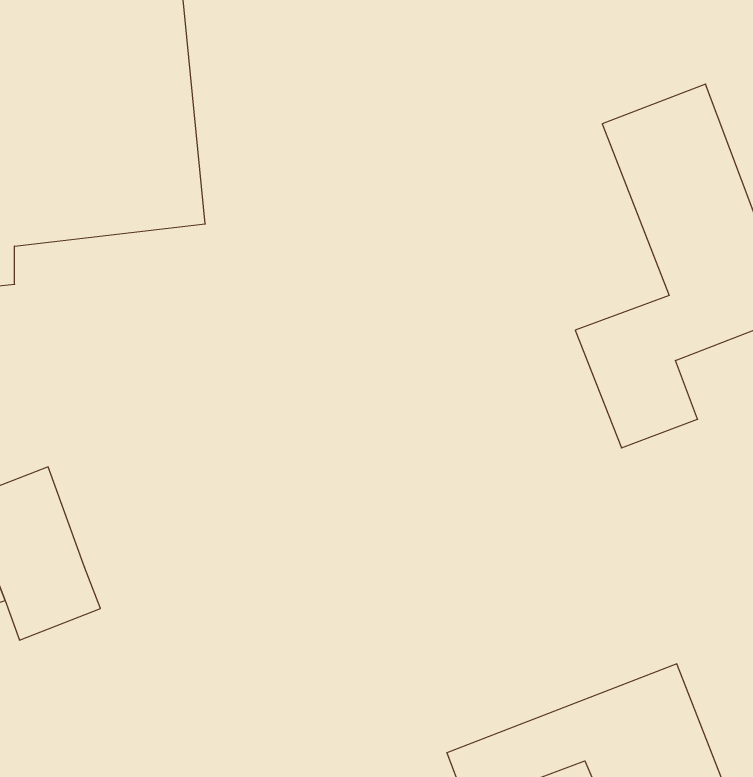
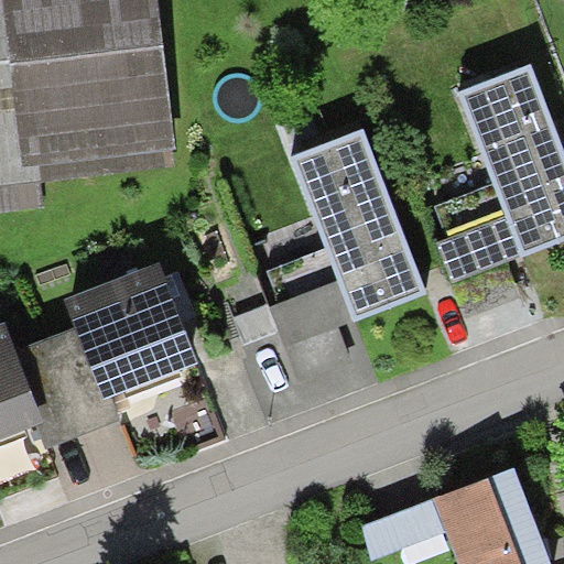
building: none -> [271,131,423,384]
building: none -> [64,270,194,400]

